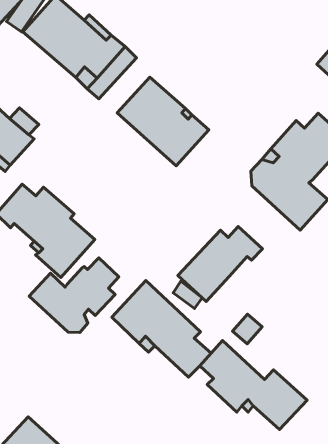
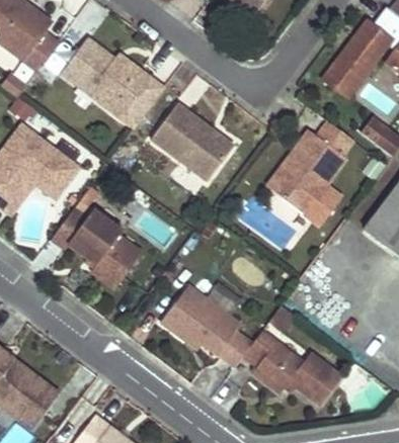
building: [178,226,263,301] -> none
building: [29,258,119,332] -> none

